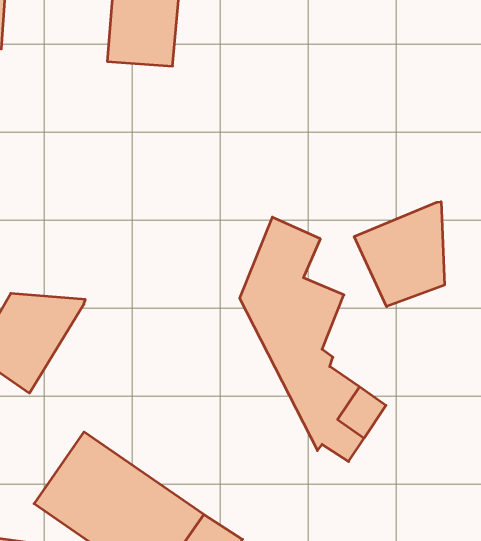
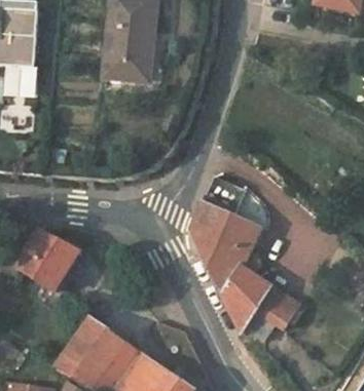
building: [354,202,444,307] -> none

